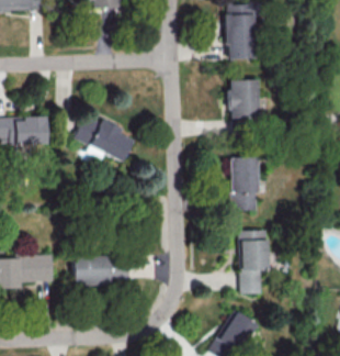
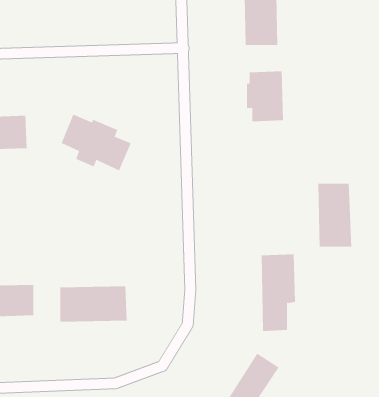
building: [229,157,258,210] -> [317,183,352,247]

